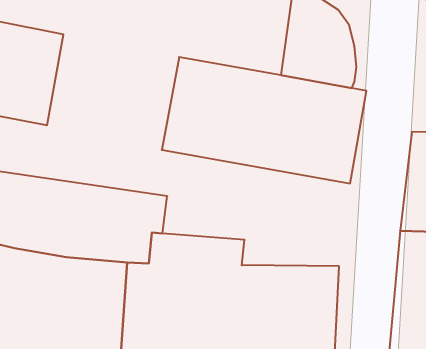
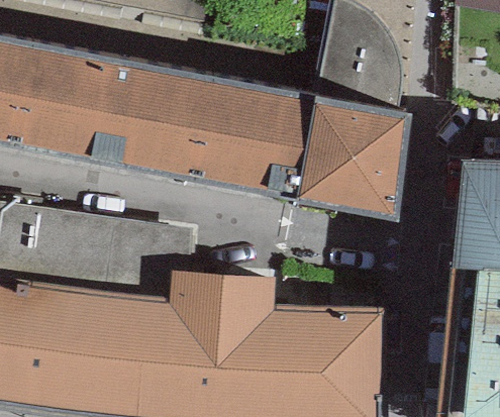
building: none -> [58,47,204,176]

